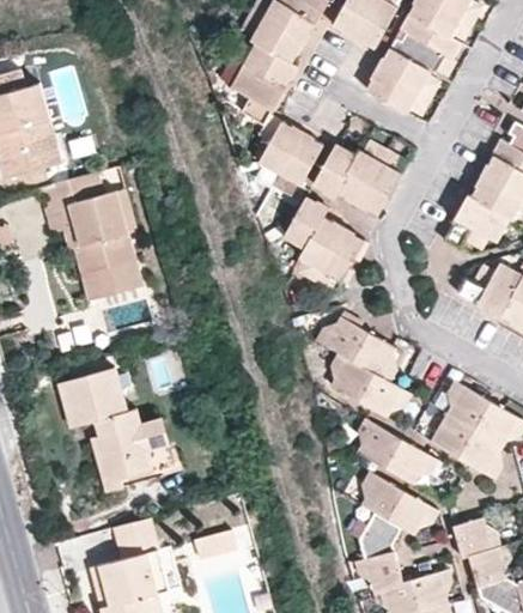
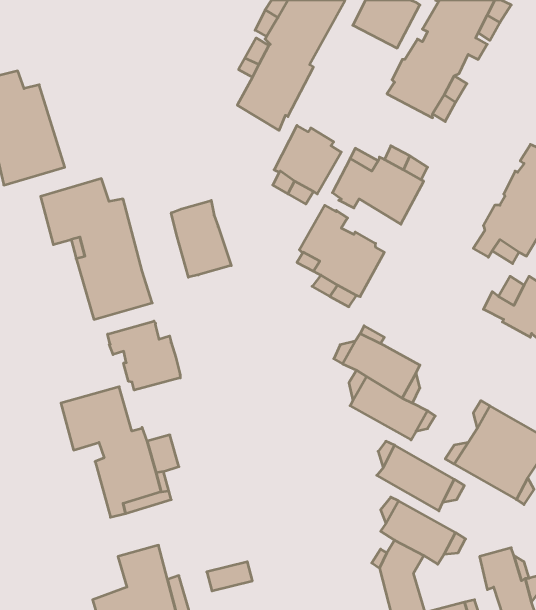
building: none -> [171,200,231,277]
building: none -> [108,321,180,390]

